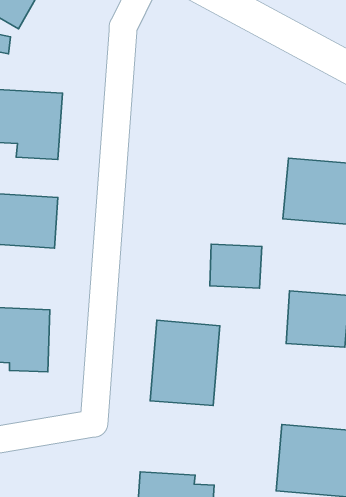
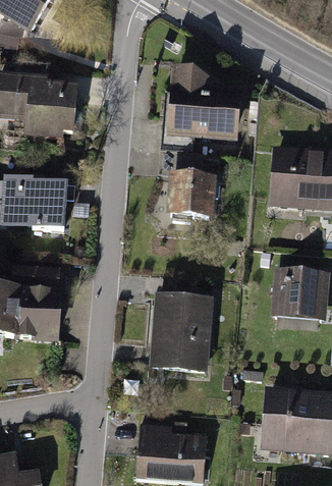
building: none -> [168,65,242,134]
building: [210,244,262,288] -> [170,173,217,213]

